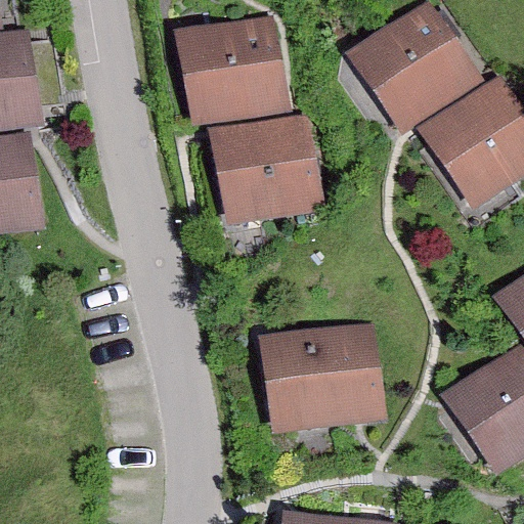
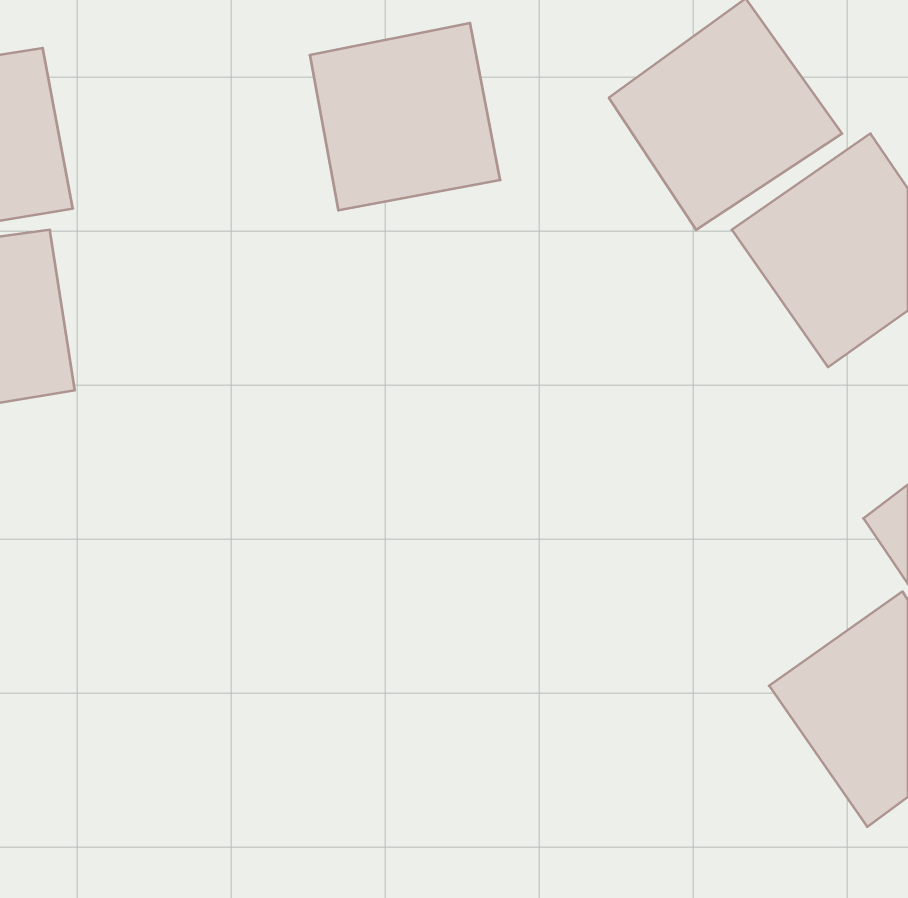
building: [211,115,326,226] -> none
building: [262,323,386,430] -> none

